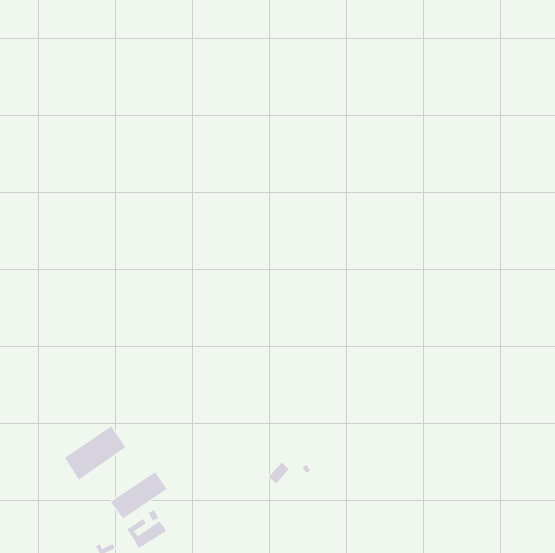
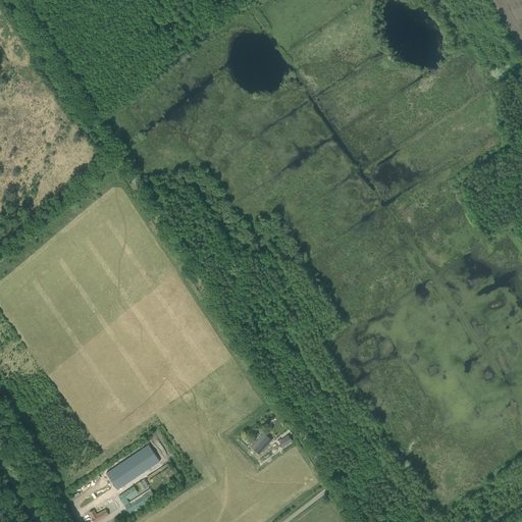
building: [64,425,126,481] -> none

